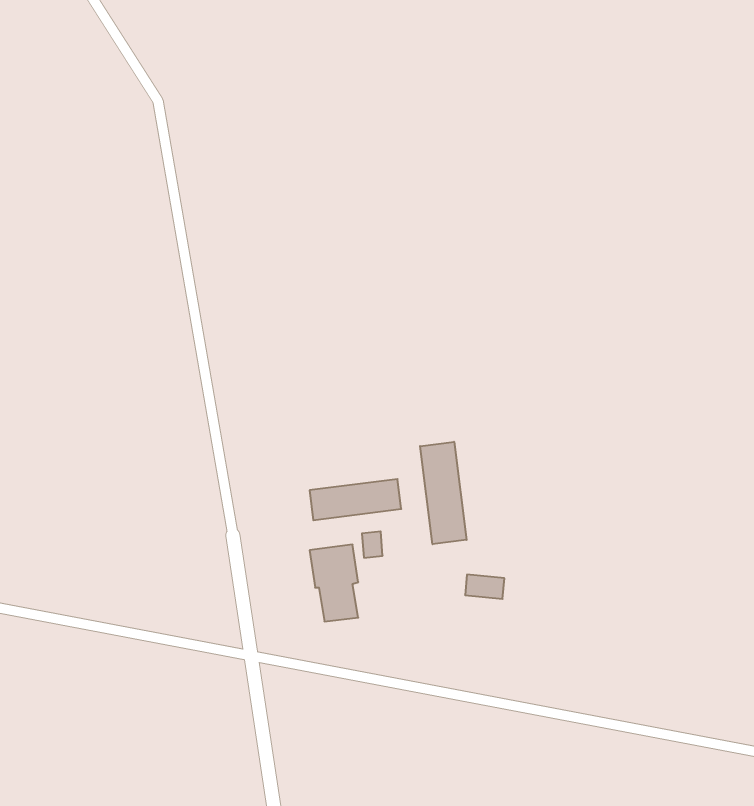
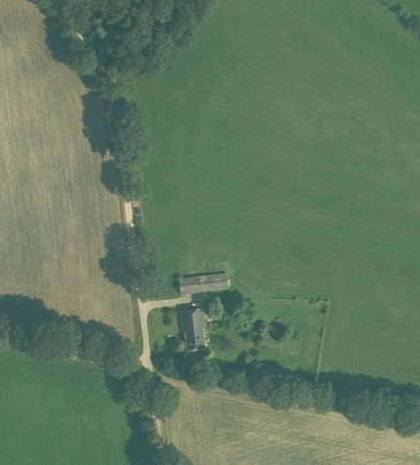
building: [420,442,467,544] -> none

